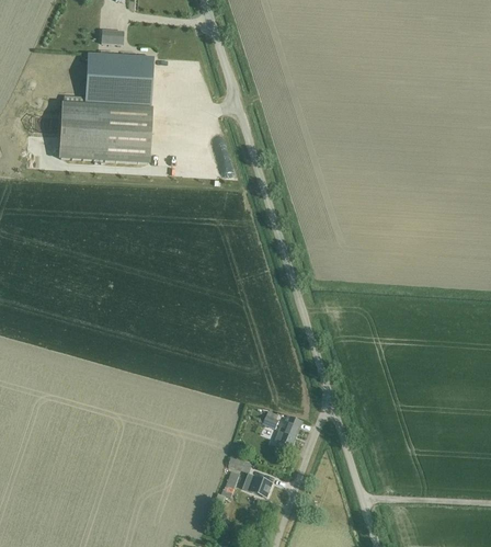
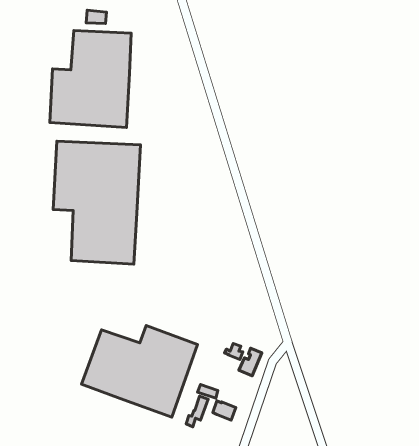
building: none -> [53,141,140,264]
building: none -> [82,326,198,417]

